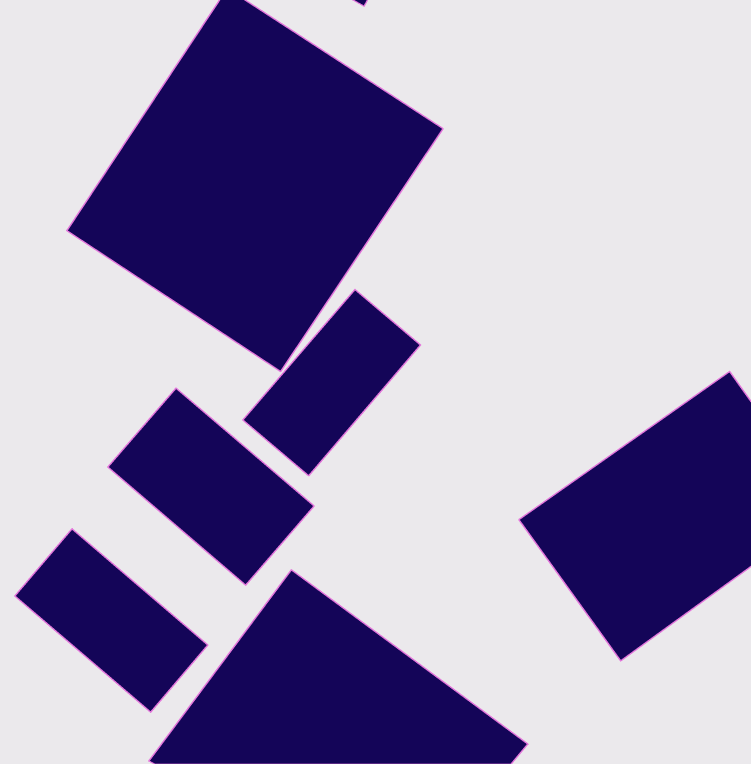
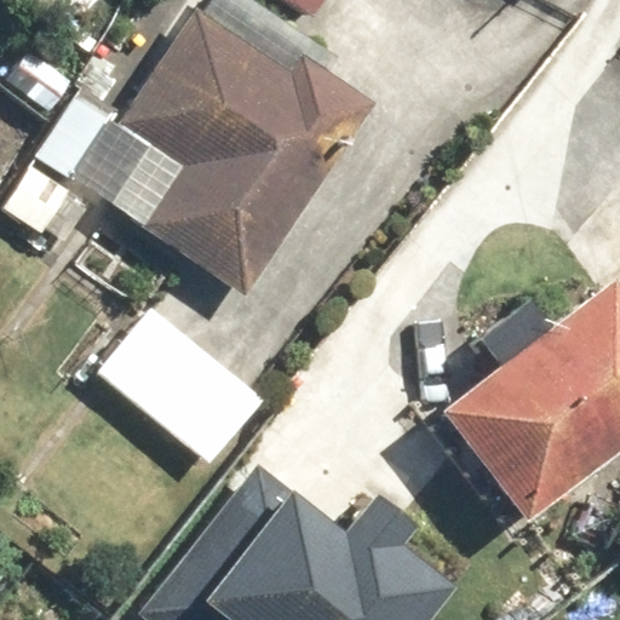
building: [243,289,421,476] -> none
building: [15,529,208,712] -> none

